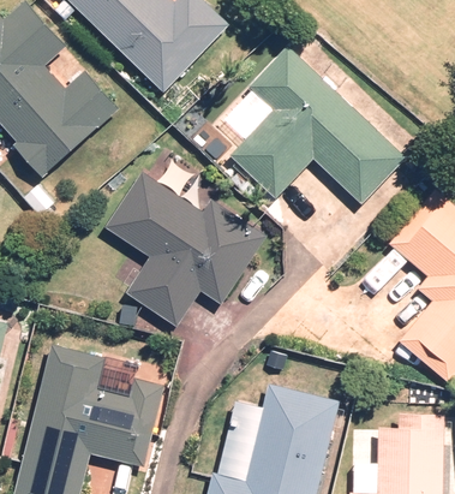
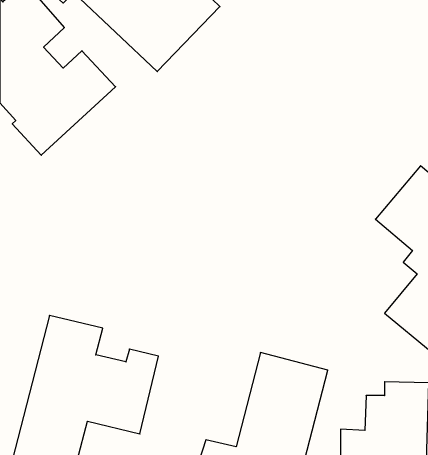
building: [229,46,406,204] -> none
building: [104,171,267,327] -> none

